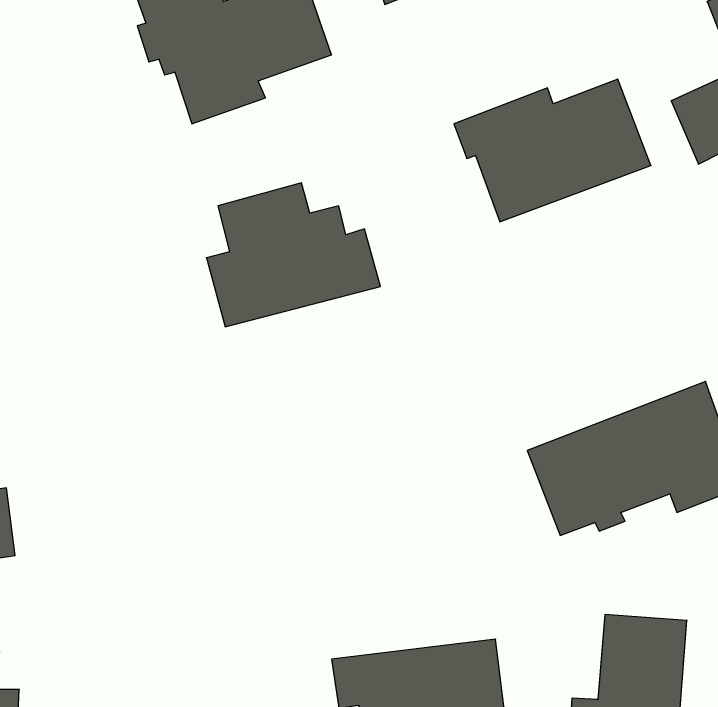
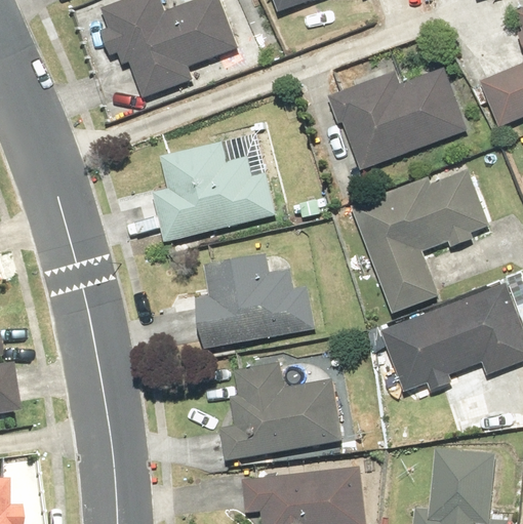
building: none -> [352,168,490,315]
building: none -> [195,253,315,349]
building: none -> [219,362,341,461]

